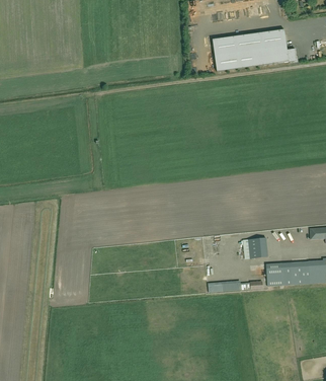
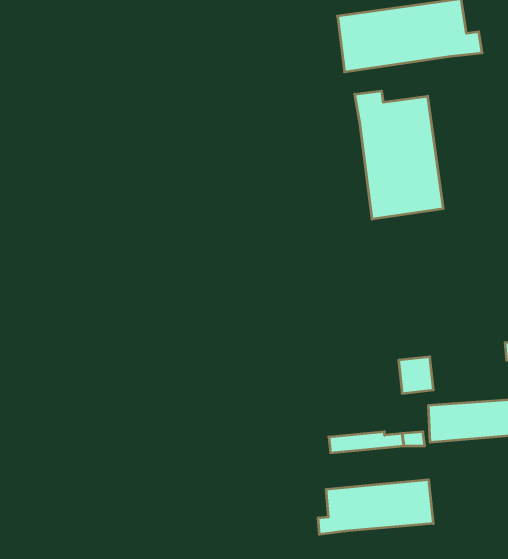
building: none -> [355,91,443,219]
building: none -> [318,480,433,534]

